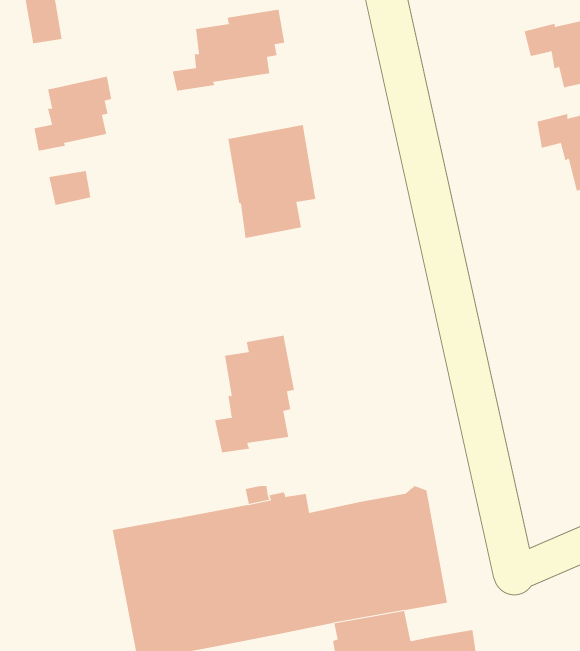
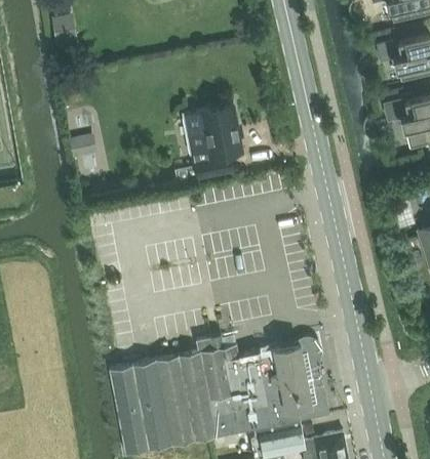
building: [172,9,285,91] -> none
building: [34,76,112,152] -> none
building: [214,335,294,453] -> none

